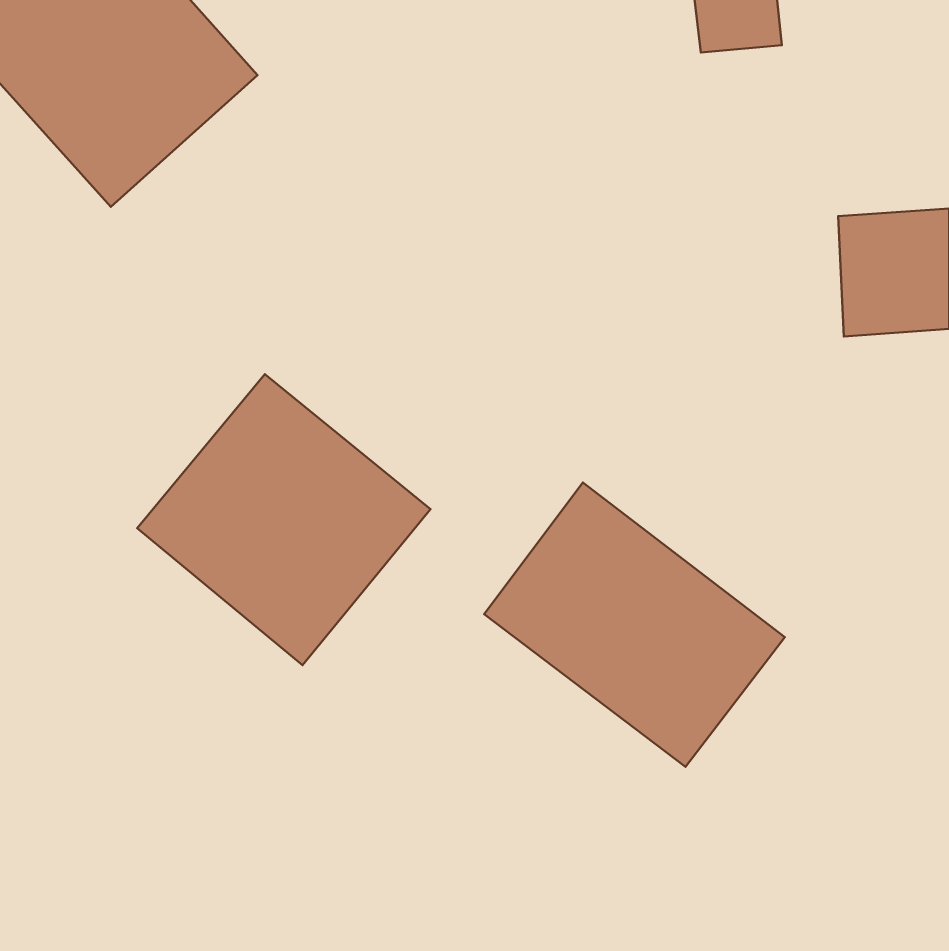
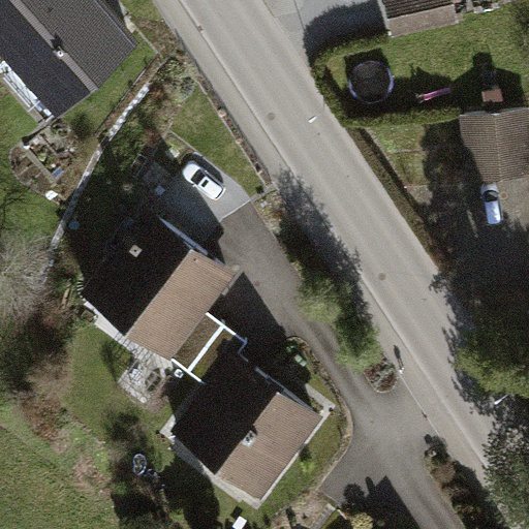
building: [484,483,785,767] -> none
building: none -> [164,349,325,508]

